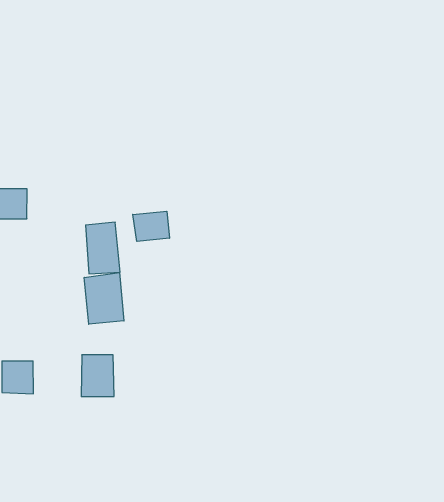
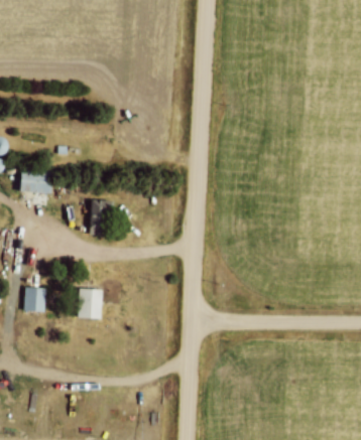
building: [133,211,169,241] -> none
building: [84,272,124,324] -> none

